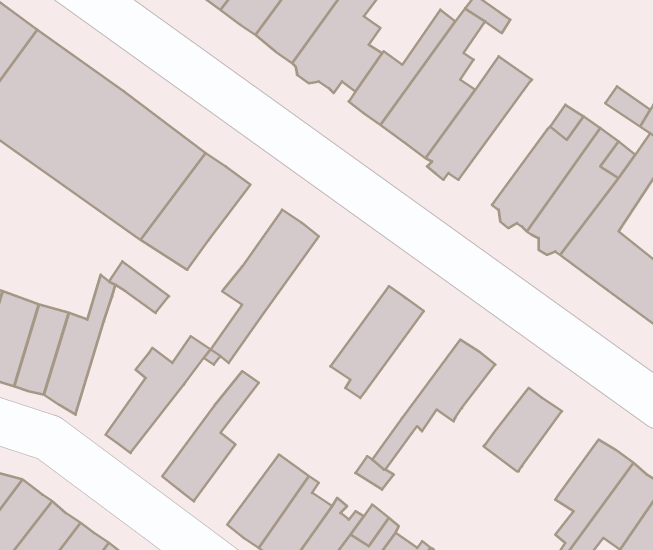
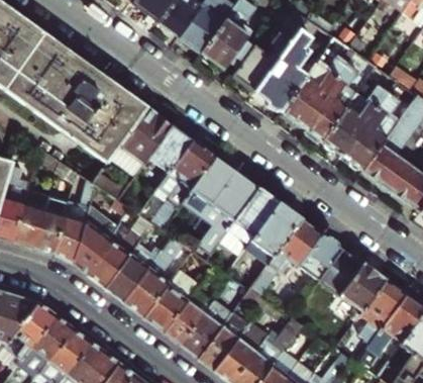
building: none -> [301,63,356,138]
building: none -> [149,123,201,175]
building: none -> [181,157,258,262]
building: none -> [244,202,302,267]
building: none -> [69,208,113,277]
building: none -> [298,234,343,283]
building: none -> [102,247,152,302]
building: none -> [339,263,386,313]
building: none -> [140,271,200,331]

